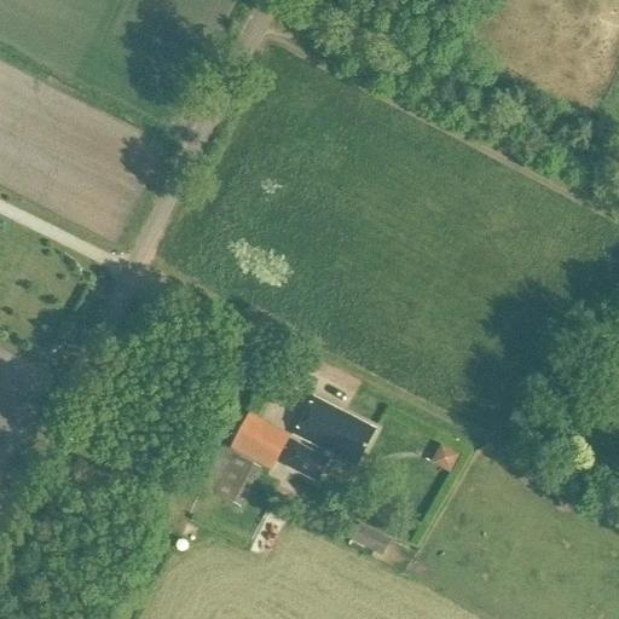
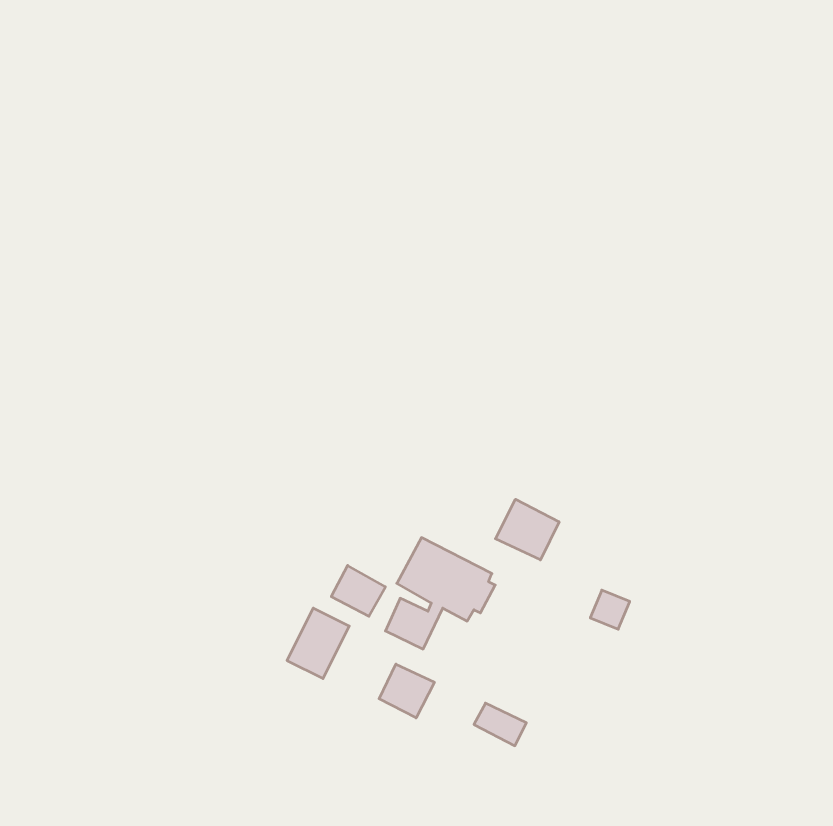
building: none -> [495,499,559,560]
building: none -> [379,664,434,718]

